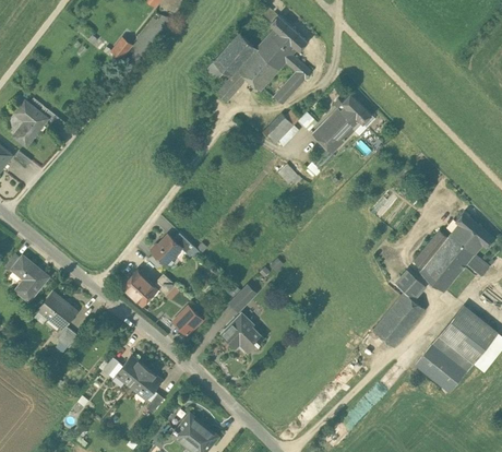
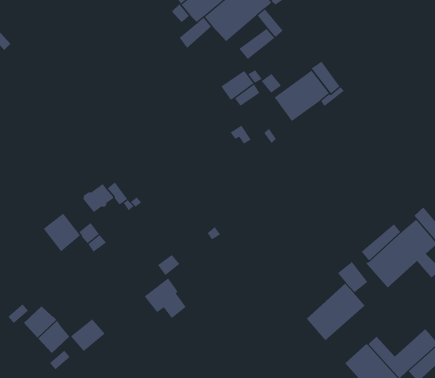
building: [440,306,483,350] -> none
building: [171,307,203,338] -> [70,318,106,352]

